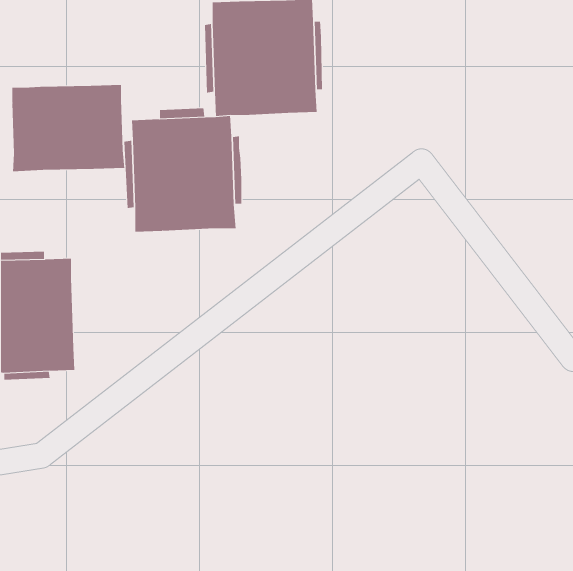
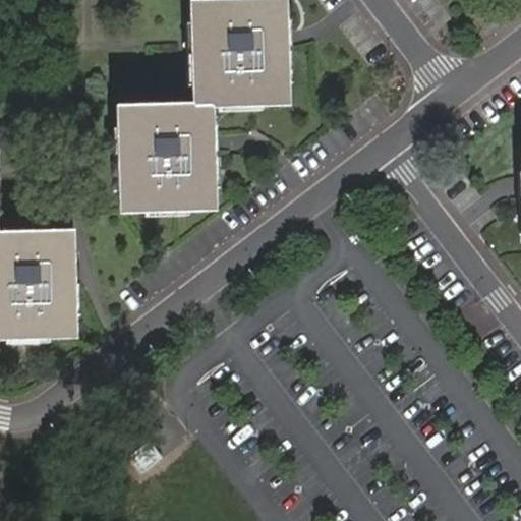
building: [12,84,125,172] -> none

